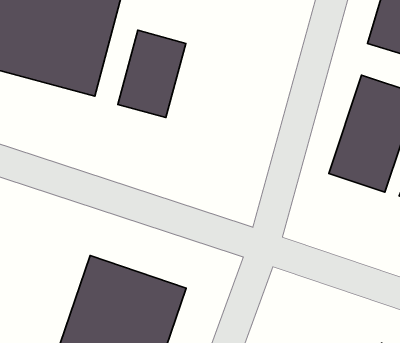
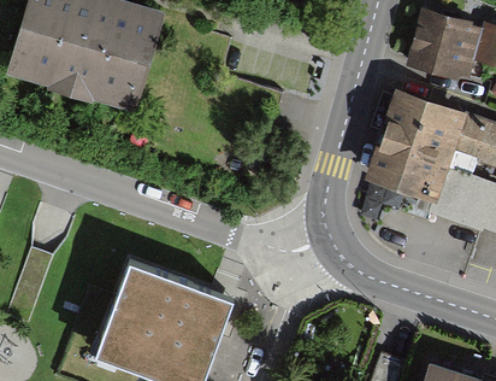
building: [118,30,186,118] -> none

